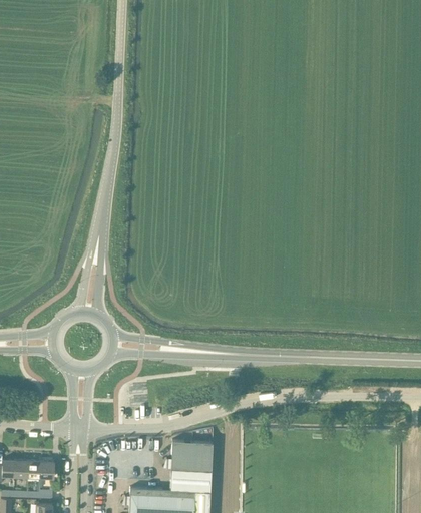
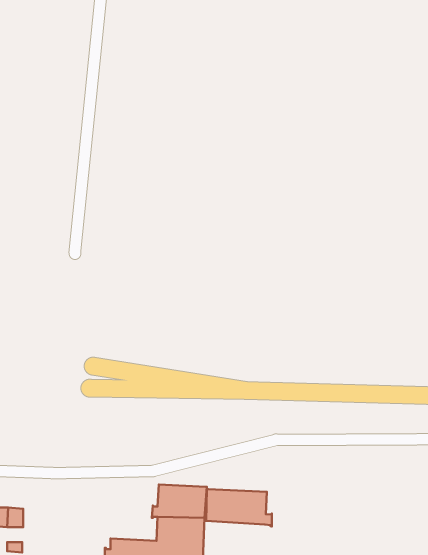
building: none -> [206,489,272,526]

